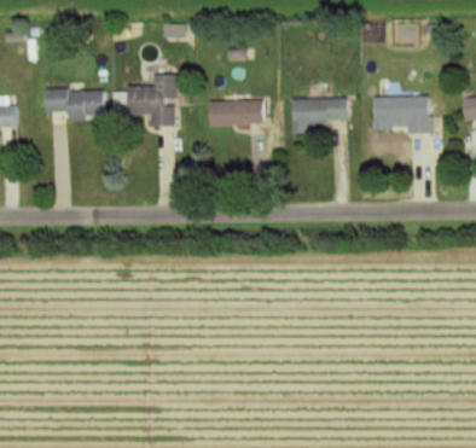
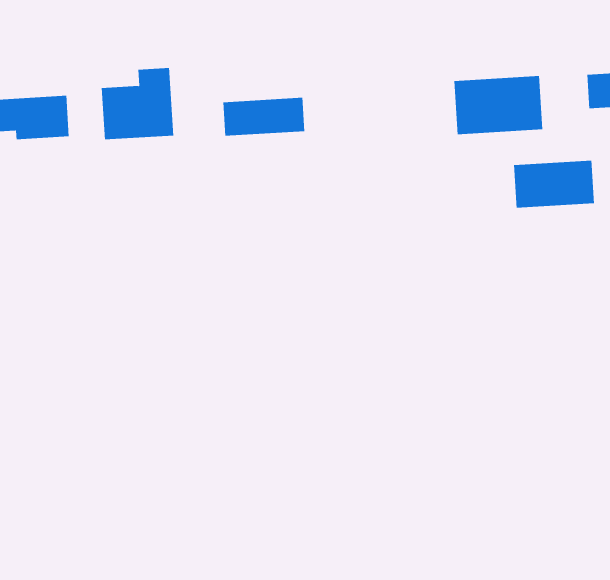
building: [289,98,349,123] -> none
building: none -> [514,160,595,209]

